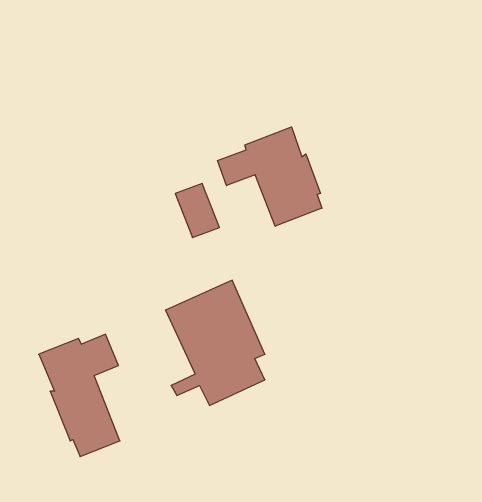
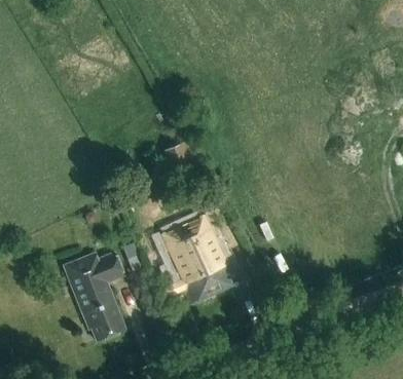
building: [218,127,322,226] -> none

